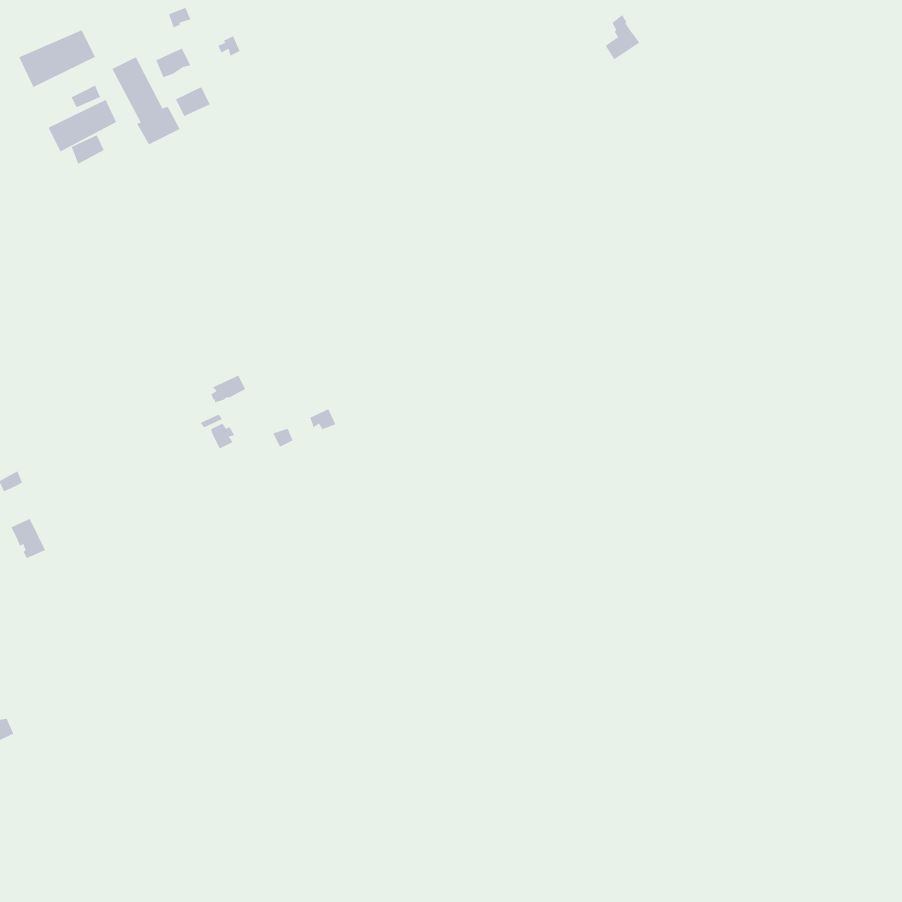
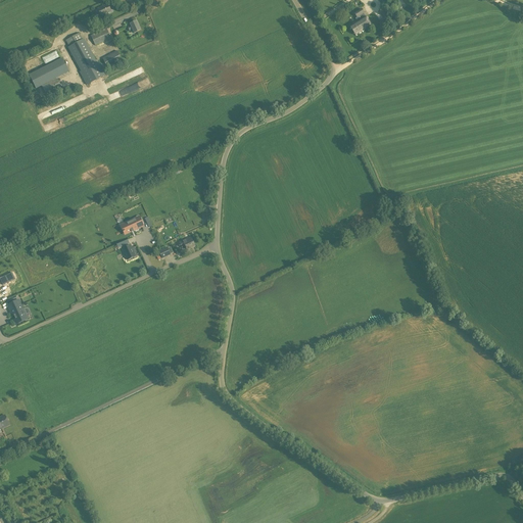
building: [19,29,96,88] -> none

